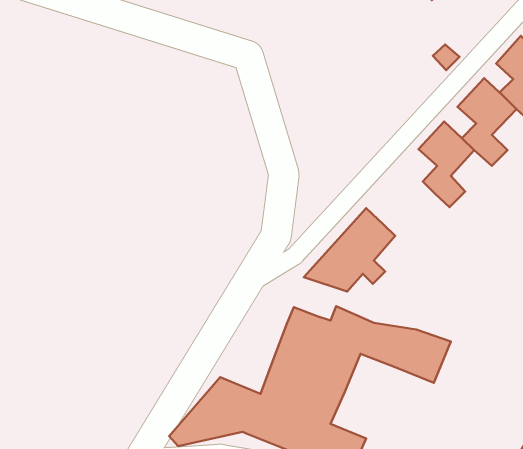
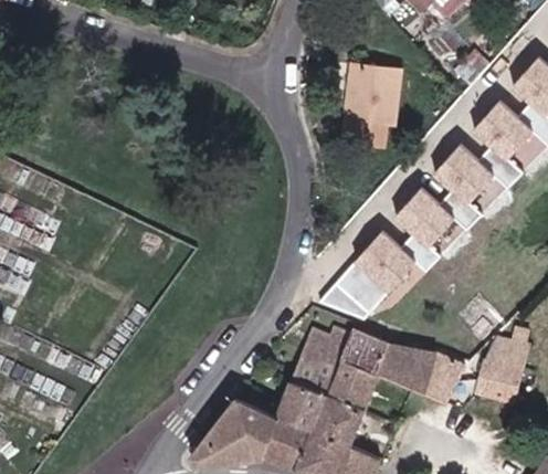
building: none -> [340,61,397,123]
building: none -> [397,188,452,271]
building: none -> [478,336,528,401]

